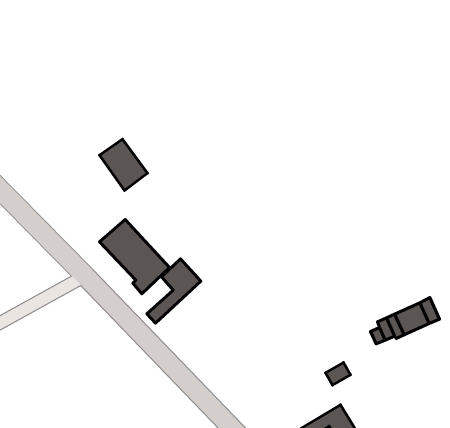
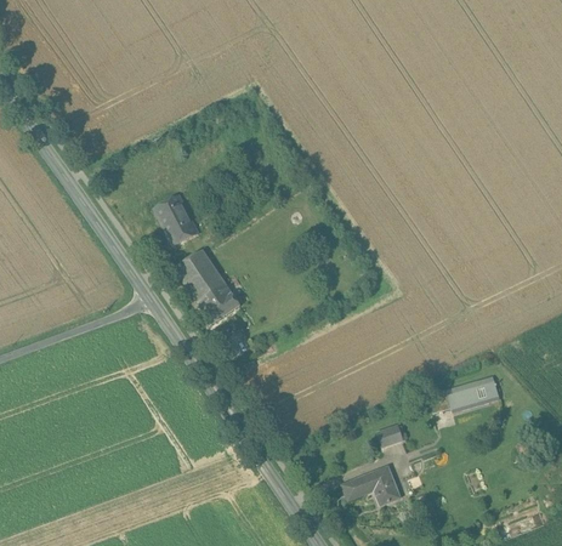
building: [99,139,148,190] -> [154,195,199,246]
building: [147,259,201,323] -> none

